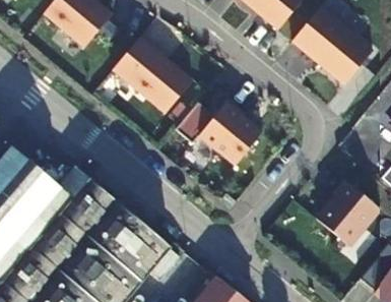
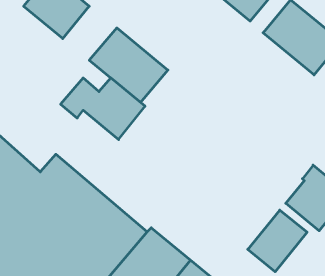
building: [174,102,261,166] -> [61,78,145,140]
building: none -> [248,210,307,272]

